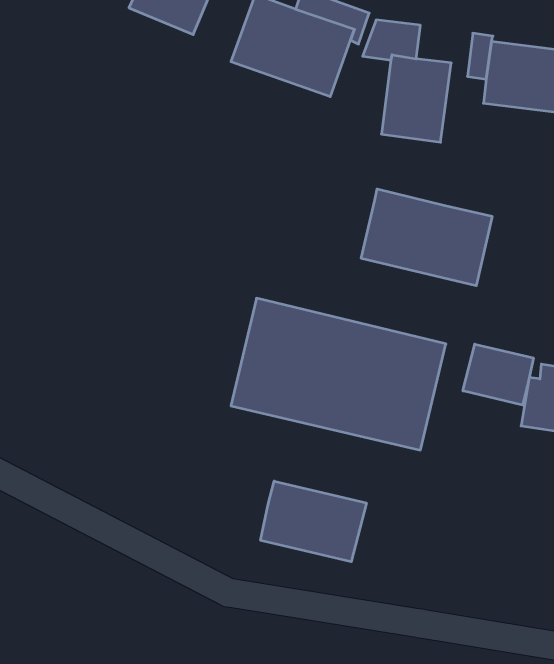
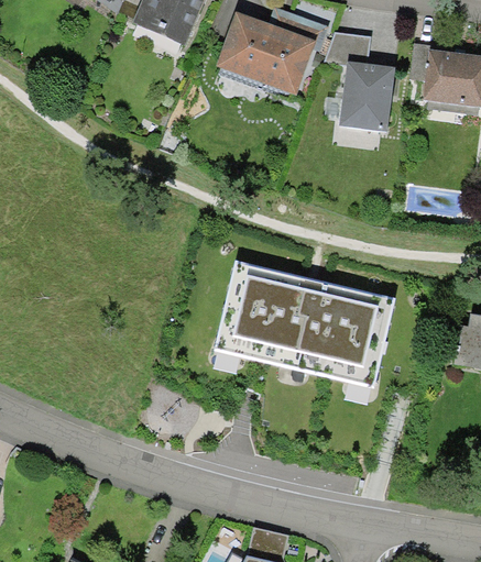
building: [361,189,492,286] -> none
building: [463,344,533,405] -> none
building: [261,481,366,562] -> none

